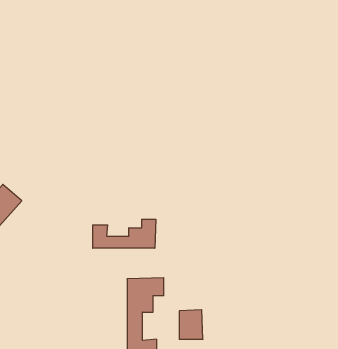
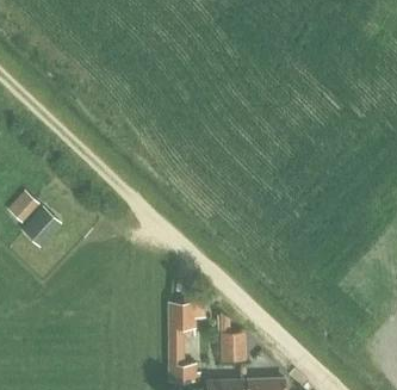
building: [93,219,156,248] -> none

